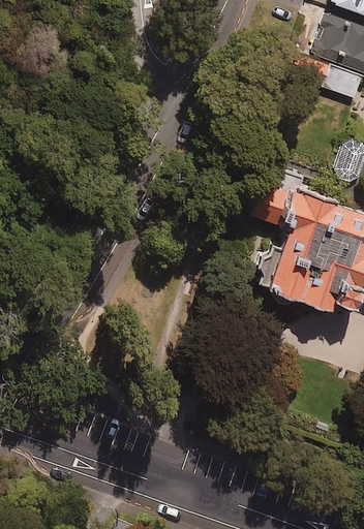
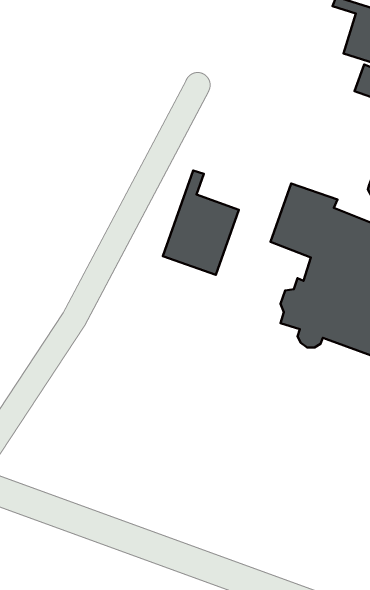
building: none -> [163,171,239,275]

